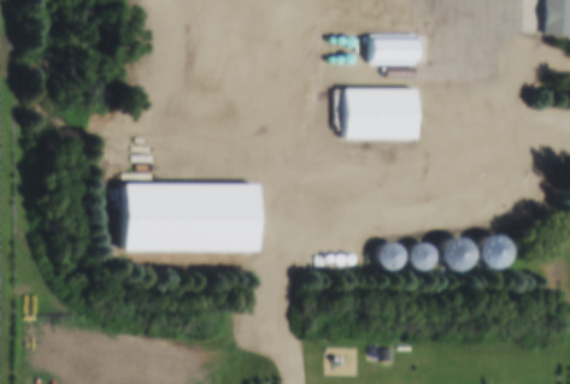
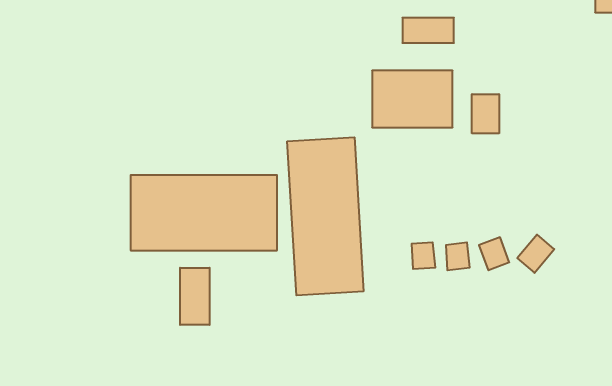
building: none -> [472,94,499,133]
building: none -> [287,137,363,295]
building: none -> [180,268,210,325]

